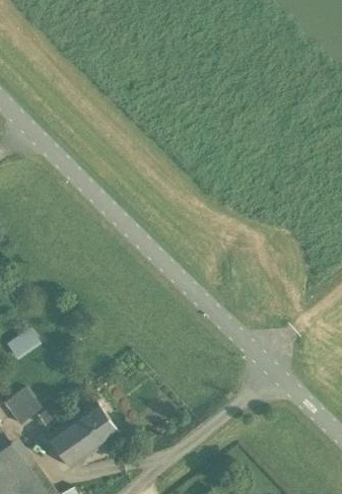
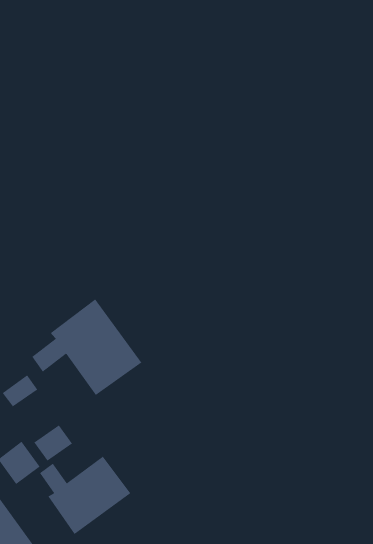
building: none -> [31,298,142,396]
building: none -> [33,424,73,461]

